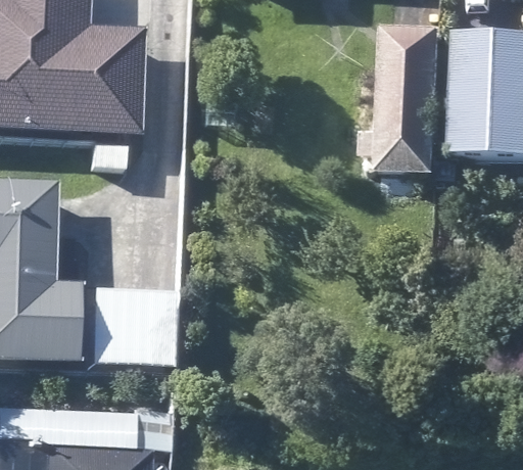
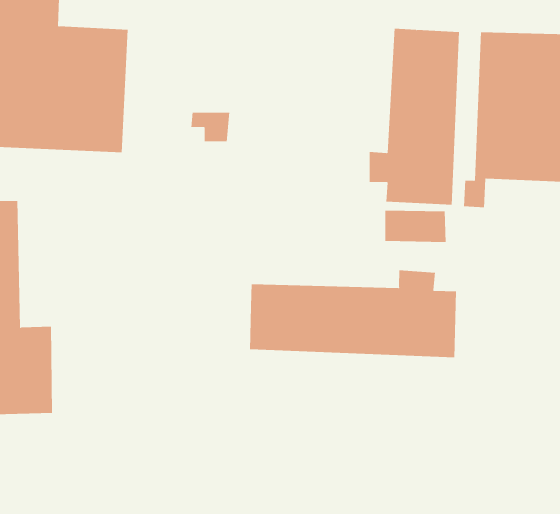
building: none -> [249,269,457,358]

